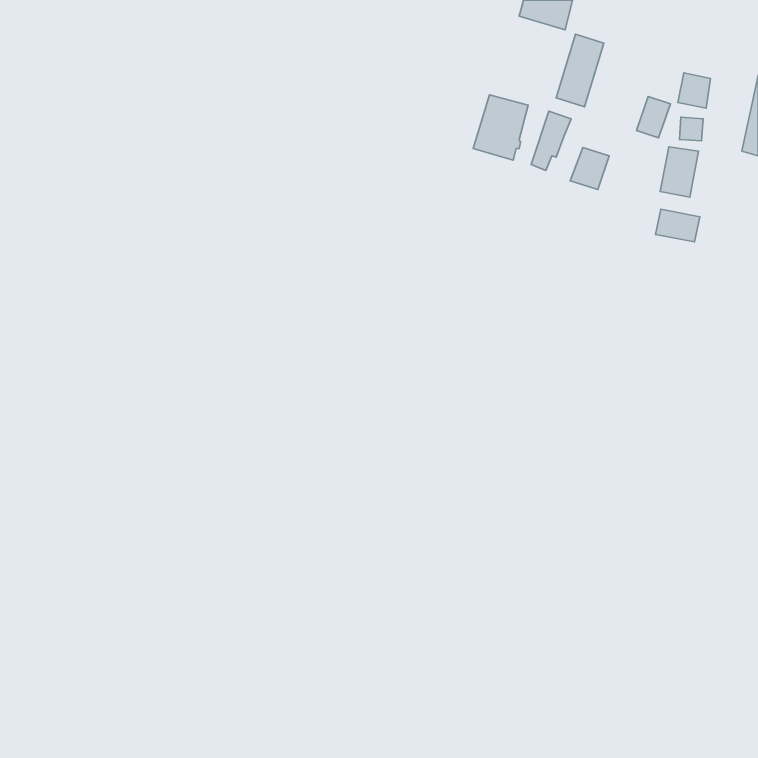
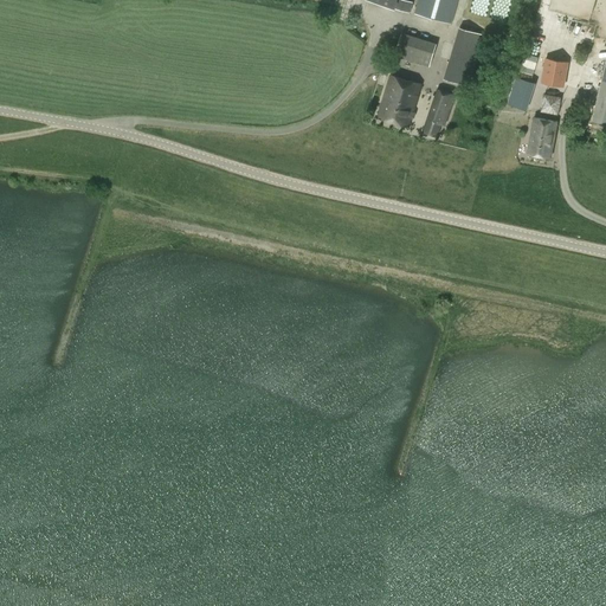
building: none -> [394,33,436,66]
building: [570,148,609,190] -> none
building: [656,209,700,242] -> none

